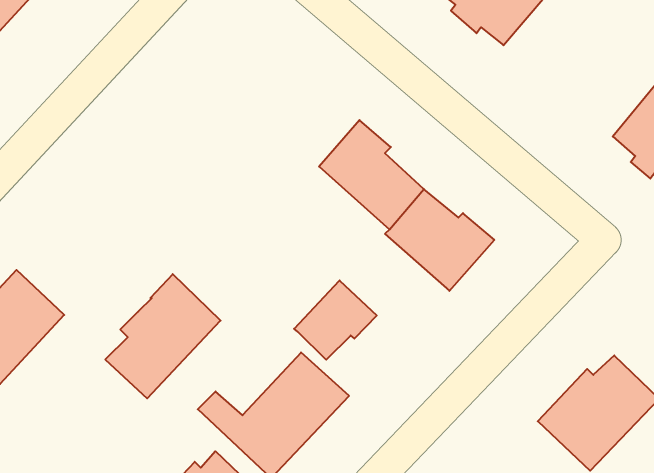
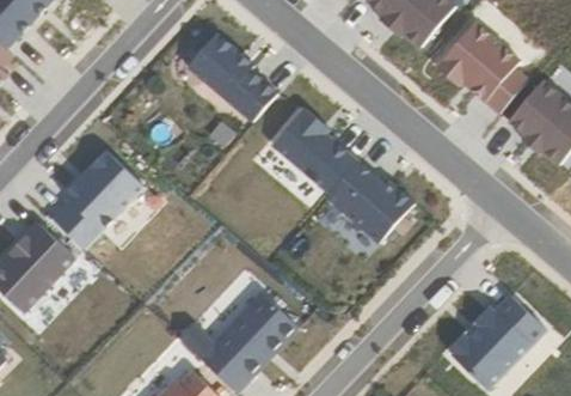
building: none -> [436,26,527,112]
building: none -> [185,30,277,122]
building: [105,274,221,398] -> [49,148,141,248]
building: [294,280,377,360] -> none

